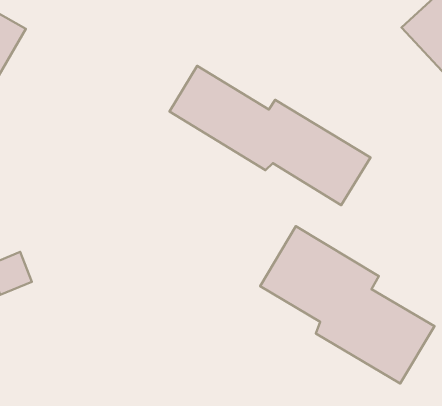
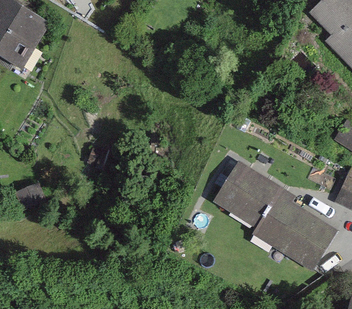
building: [169,66,371,205] -> none

